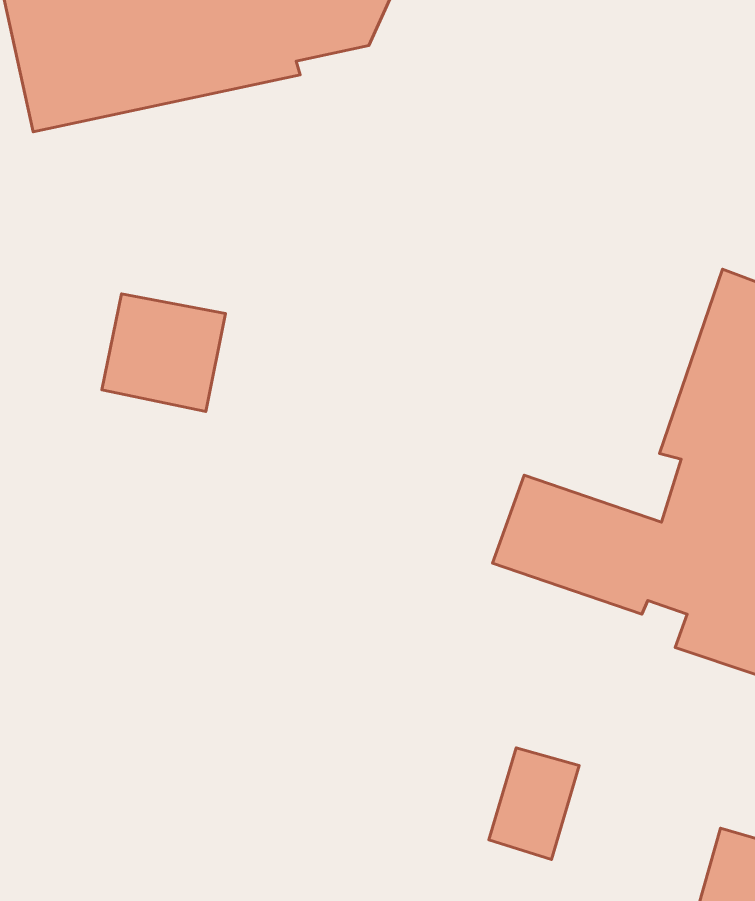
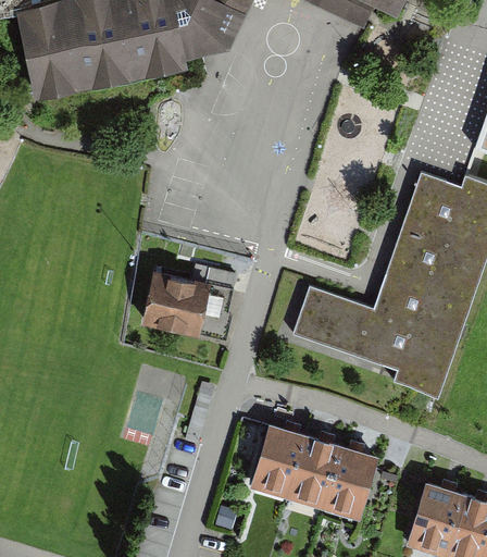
building: [102,294,226,412] -> [136,272,204,337]
building: none -> [258,428,307,488]
building: none -> [326,447,376,509]

